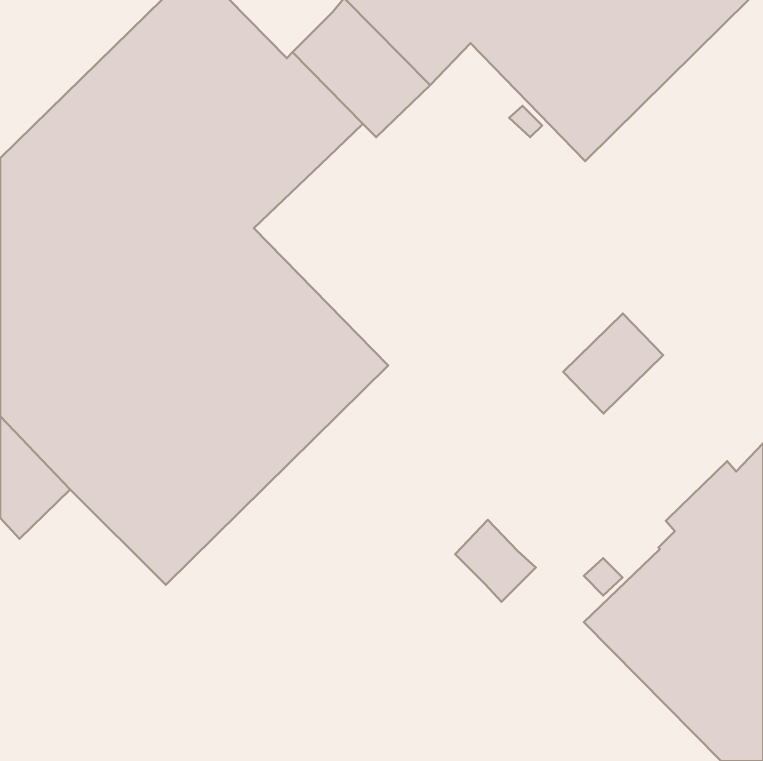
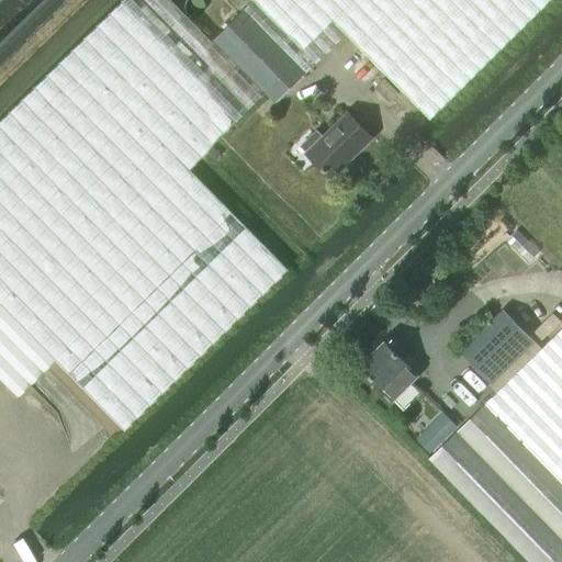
building: none -> [304,113,371,177]
building: [563,313,663,413] -> [461,308,535,382]
building: [455,520,536,602] -> [360,340,419,401]

